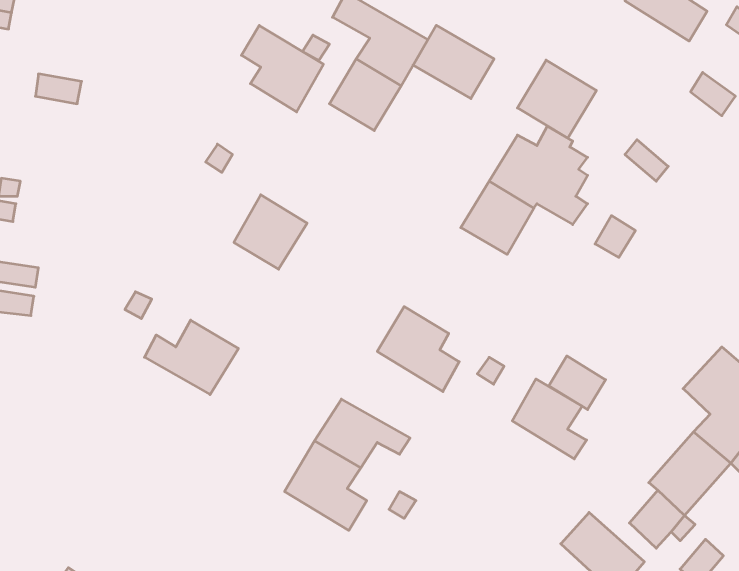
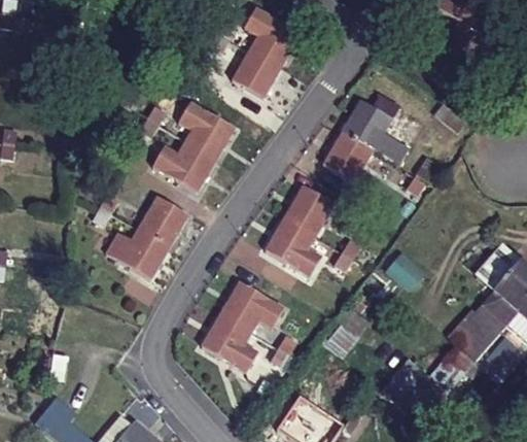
building: [413,25,494,99] -> none
building: [241,25,323,112] -> [178,101,235,161]
building: [517,60,596,138] -> none
building: none -> [283,186,333,237]
building: none -> [136,196,187,247]
building: [512,379,587,459] -> none

